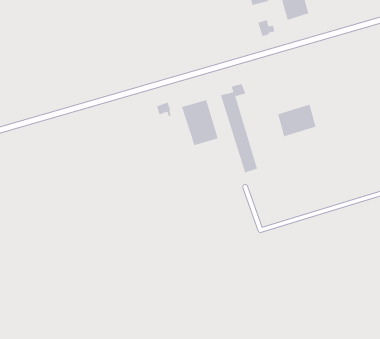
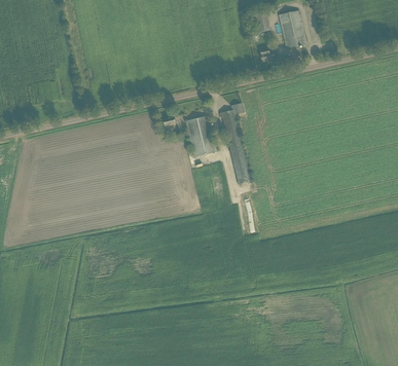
building: [277,104,316,137] -> none

